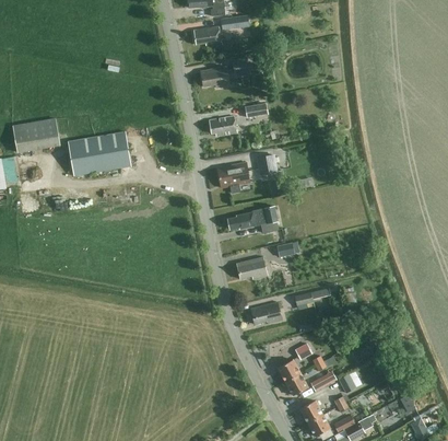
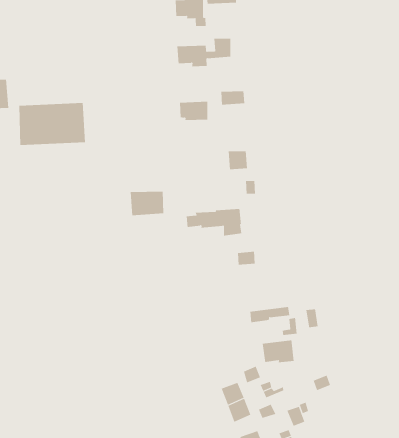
building: [216,162,249,187] -> [130,191,164,216]
building: [236,256,268,278] -> none
building: [250,301,281,324] -> [262,340,294,363]

